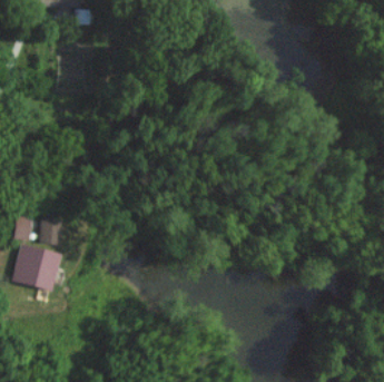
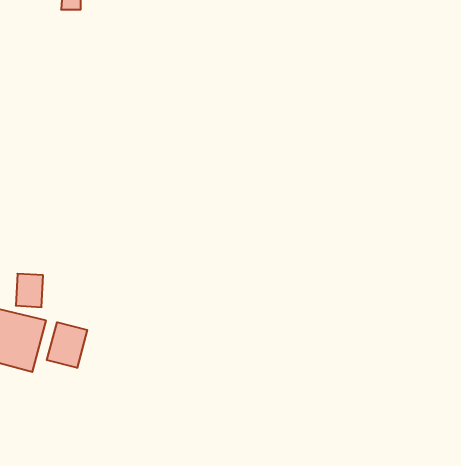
building: none -> [47,322,87,368]

